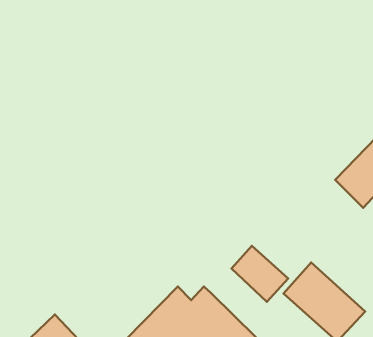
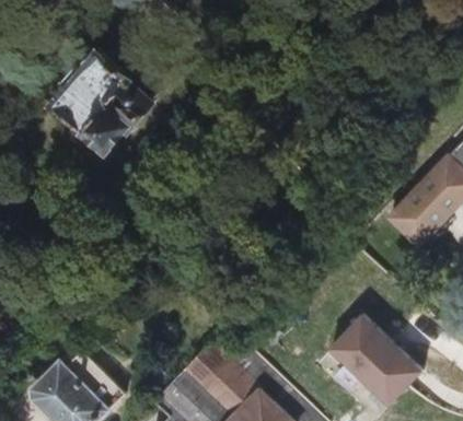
building: none -> [38,58,147,164]
building: [231,246,288,302] -> none

